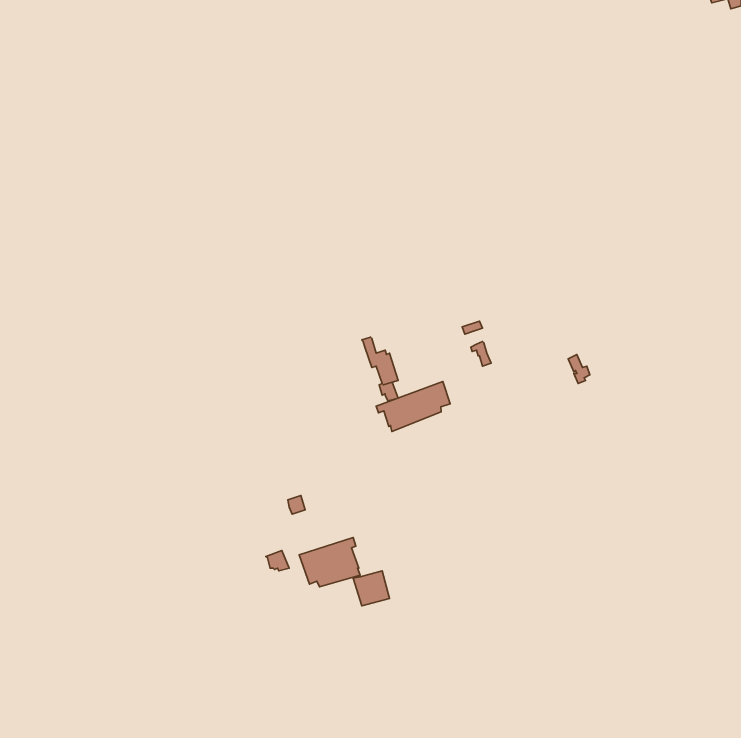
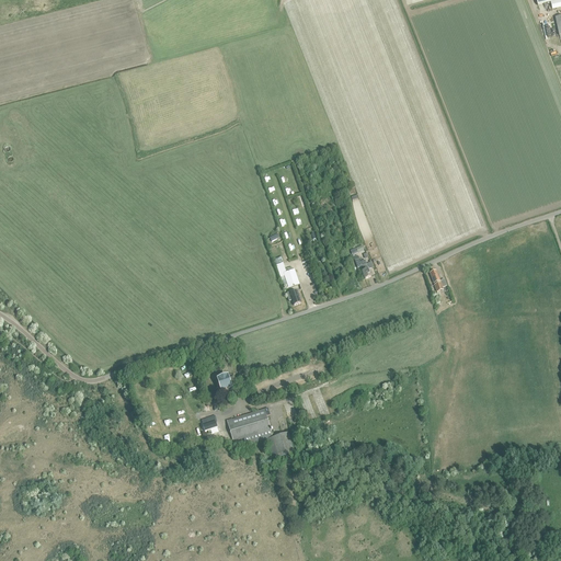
building: [376,382,450,431] -> none

